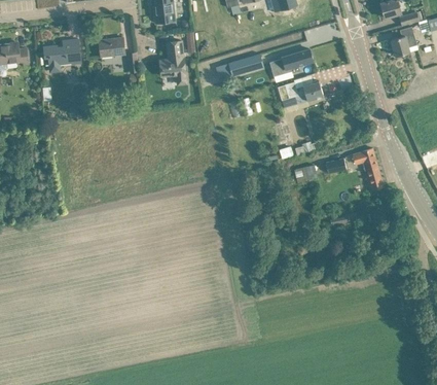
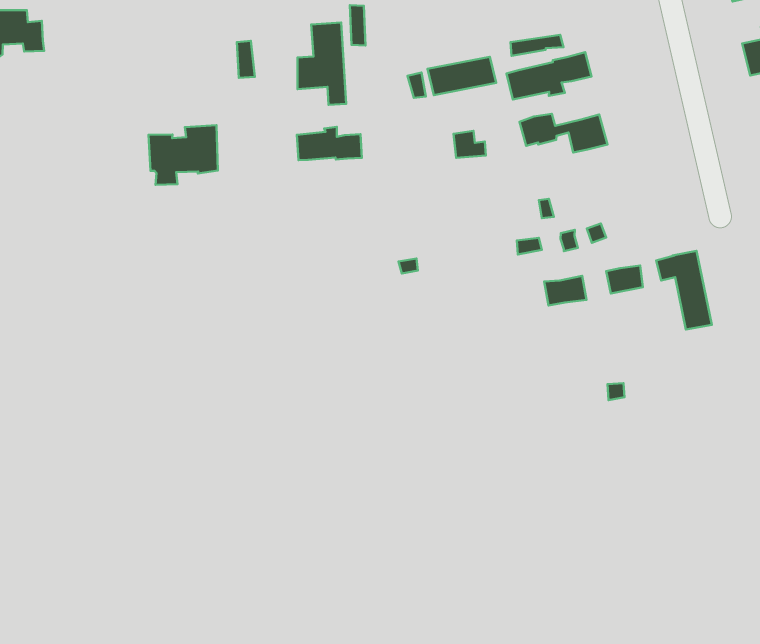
building: [98,37,124,57] -> none
building: [43,39,80,72] -> [149,125,218,185]
building: none -> [297,127,362,160]

